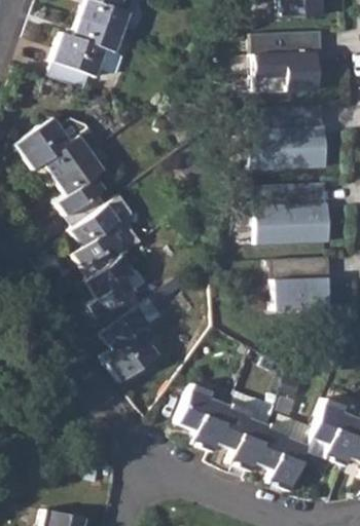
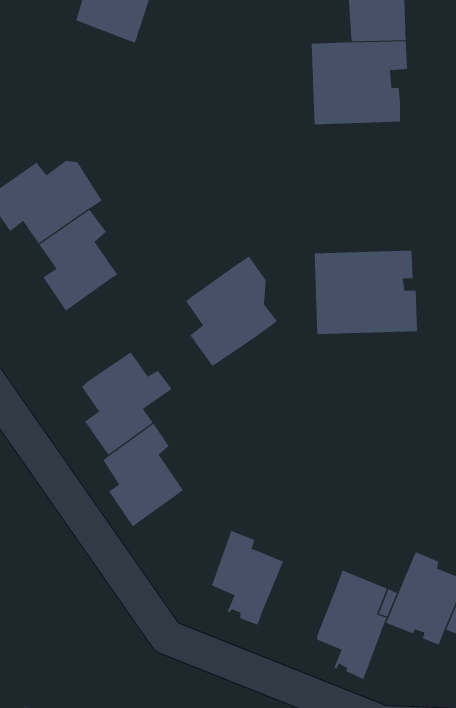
building: [51,17,124,90] -> none
building: [249,106,327,170] -> none
building: [70,197,137,277] -> [185,256,278,367]
building: [282,256,340,309] -> none
building: [216,404,268,474] -> none

